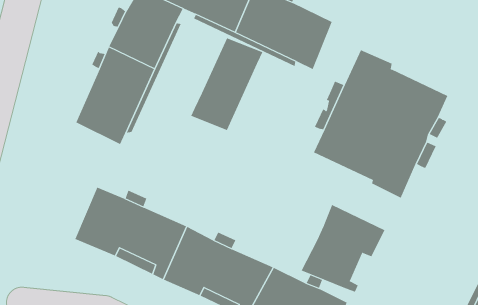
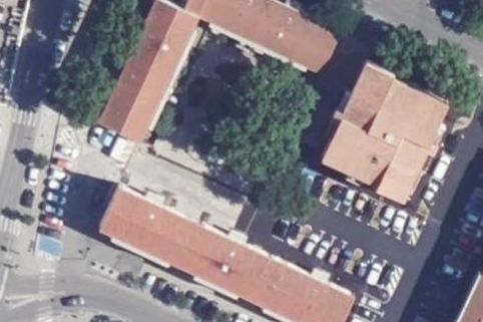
building: [190,38,263,131] -> none
building: [301,204,385,293] -> none

